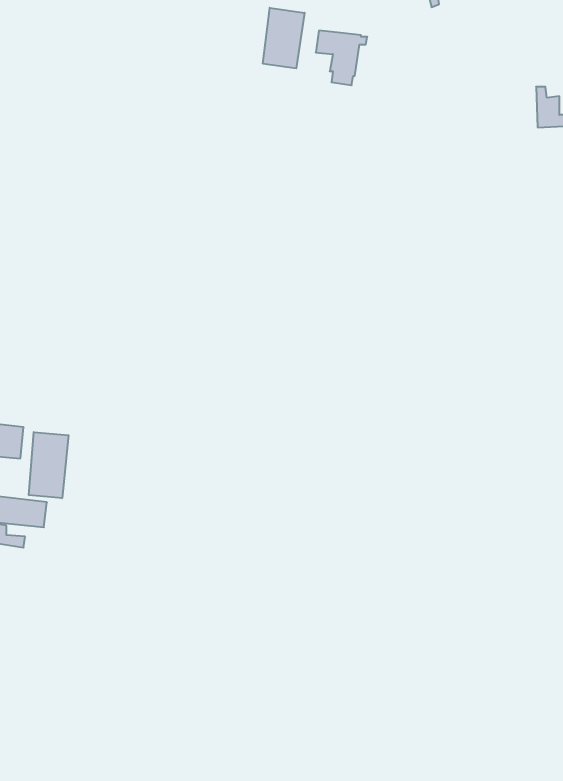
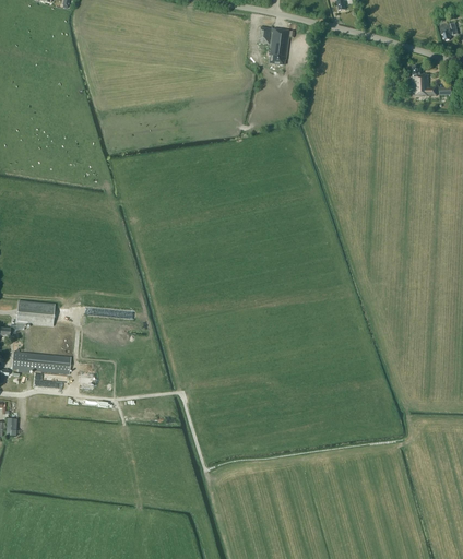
building: [263,8,305,68] -> none
building: [29,432,69,498] -> none

